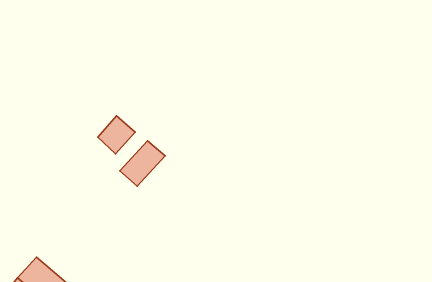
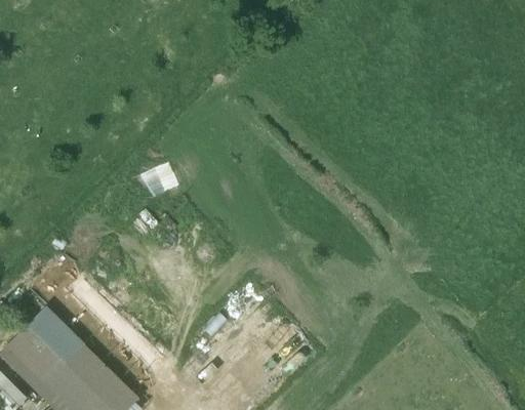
building: [120,141,165,186] -> none

